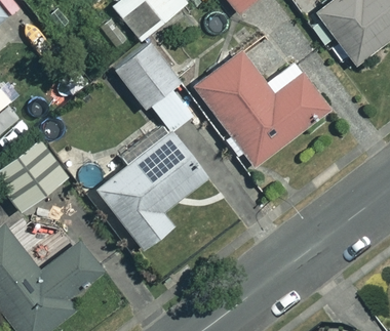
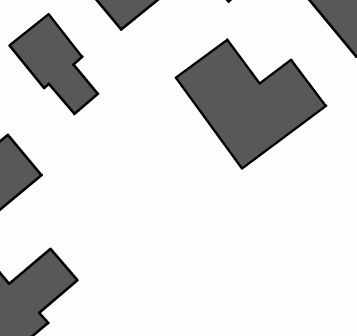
building: [114,41,195,132] -> [10,14,98,114]
building: [96,134,204,249] -> none

